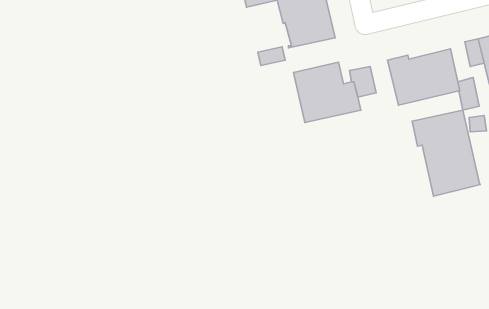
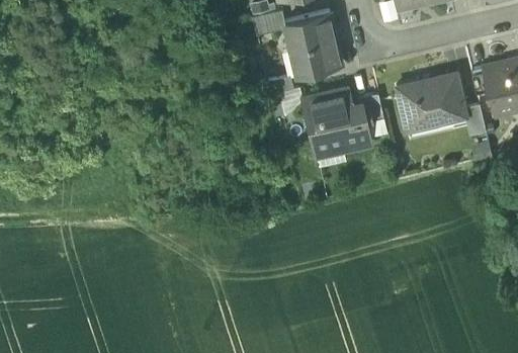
building: [412,110,480,196] -> none

